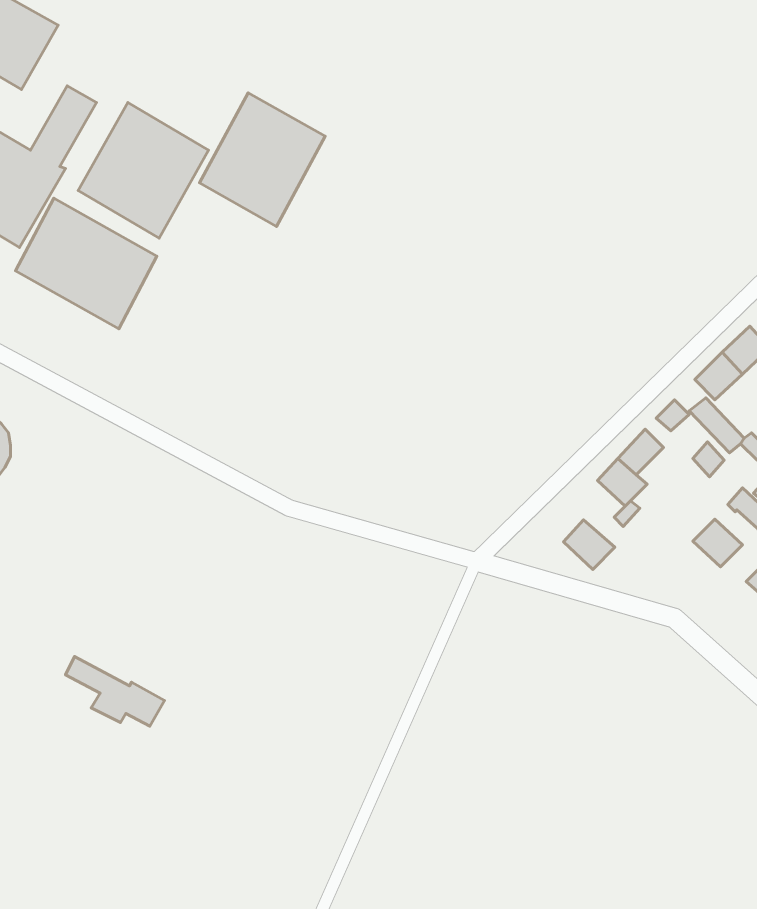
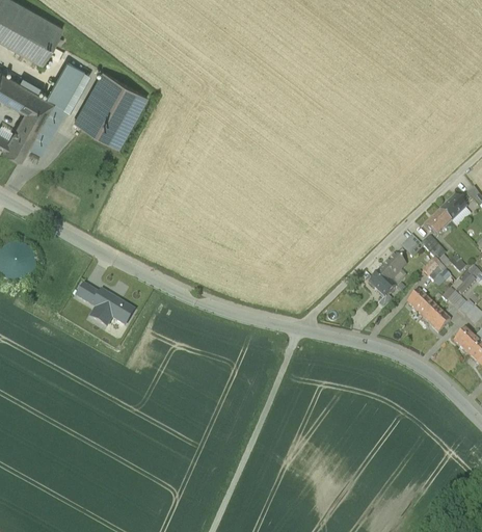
building: [199,93,325,226] -> none
building: [16,198,157,329] -> none
building: [563,520,615,569] -> [405,291,434,319]
building: [65,656,164,726] -> [76,288,132,327]

